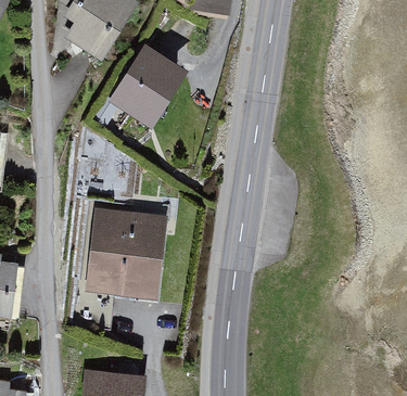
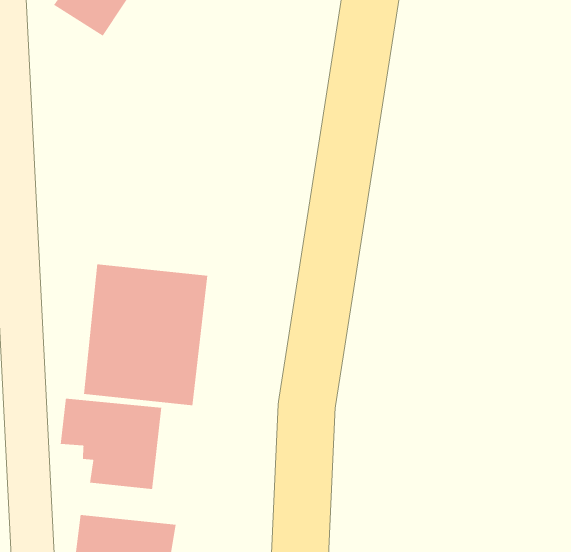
building: [107,44,188,127] -> none
building: none -> [60,398,162,490]

